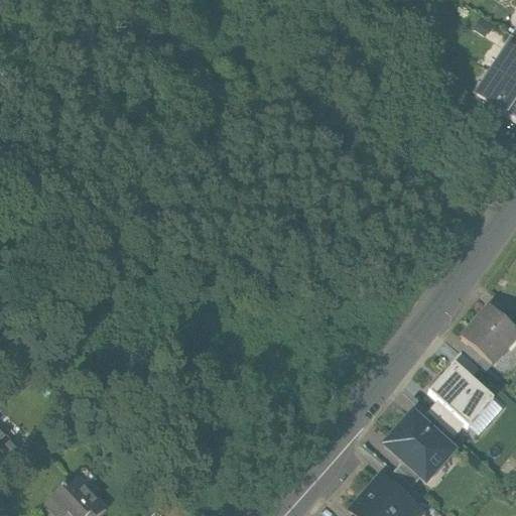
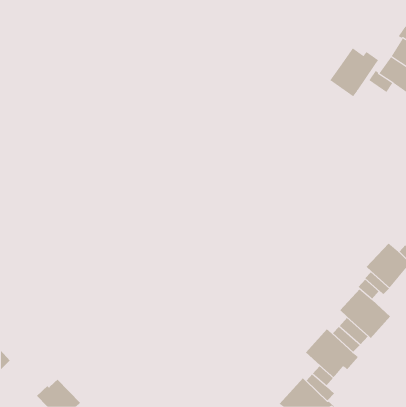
building: none -> [330,48,379,97]

